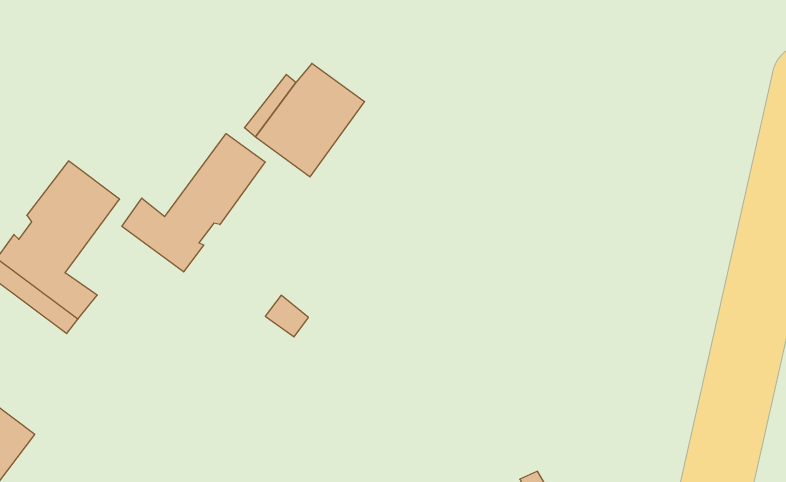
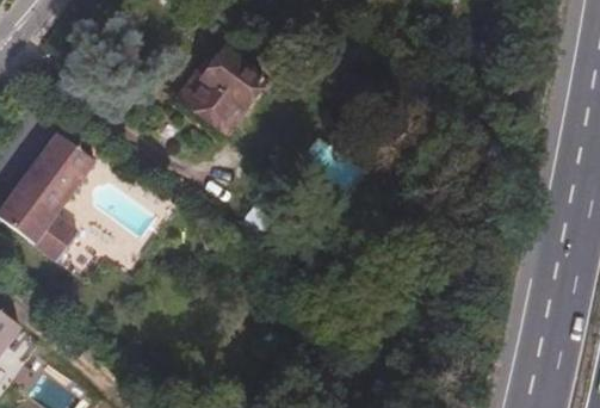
building: [122,134,265,272] -> none

